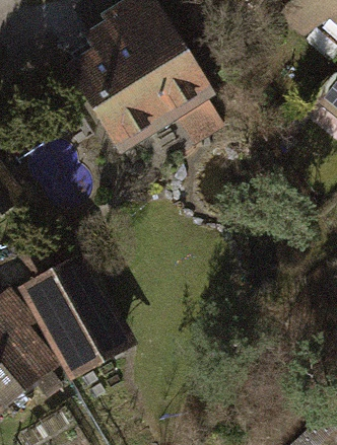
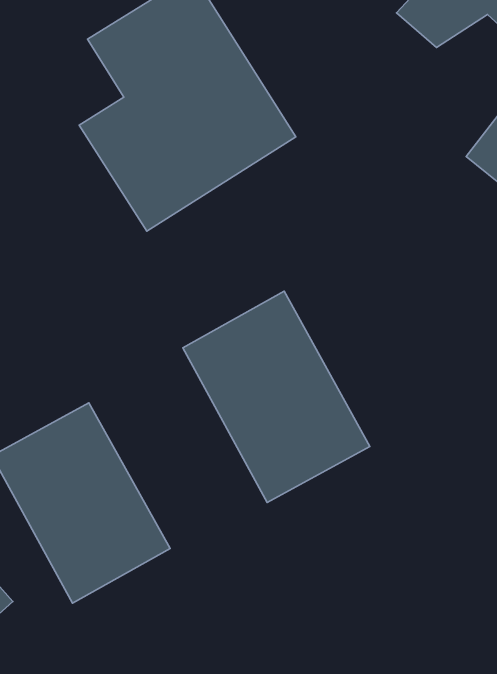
building: none -> [183,291,370,502]

